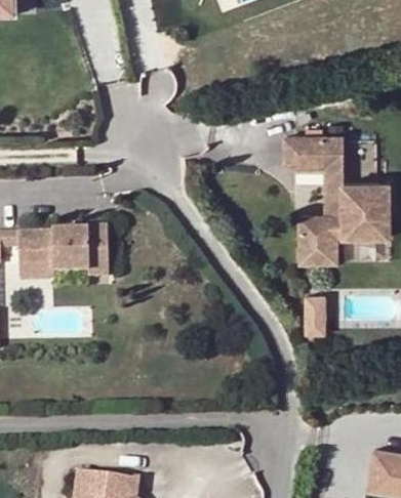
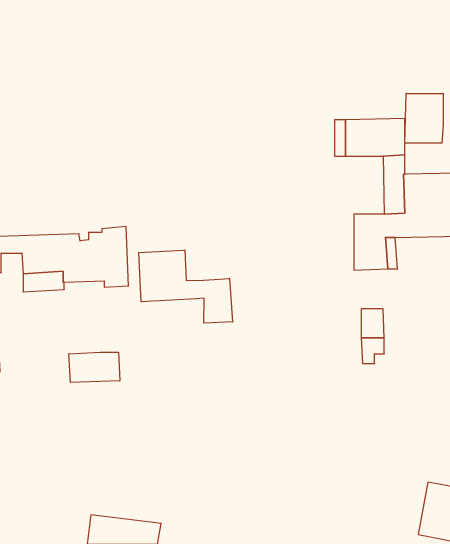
building: none -> [405,93,443,143]
building: none -> [139,250,233,323]
building: none -> [69,352,120,382]

